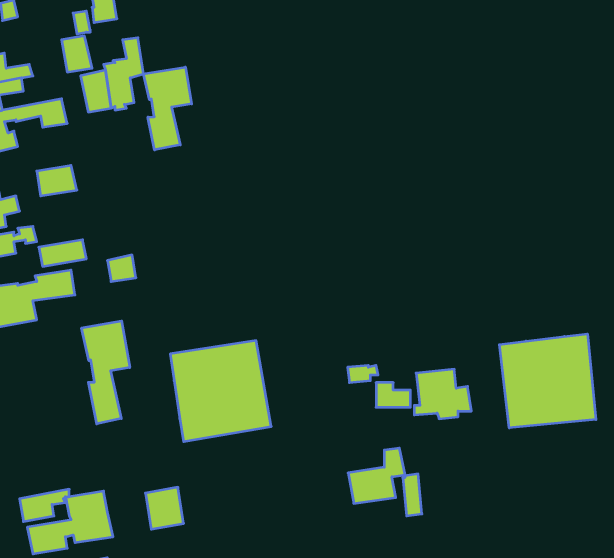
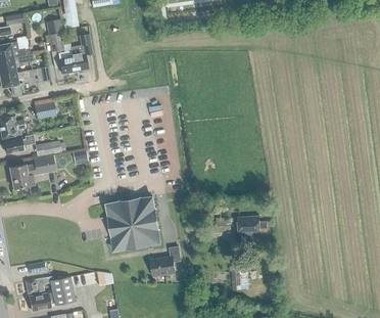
building: [144,67,192,150] -> none
building: [82,321,130,424] -> none
building: [499,334,596,428] -> none
building: [348,448,405,503] -> [149,245,180,275]

